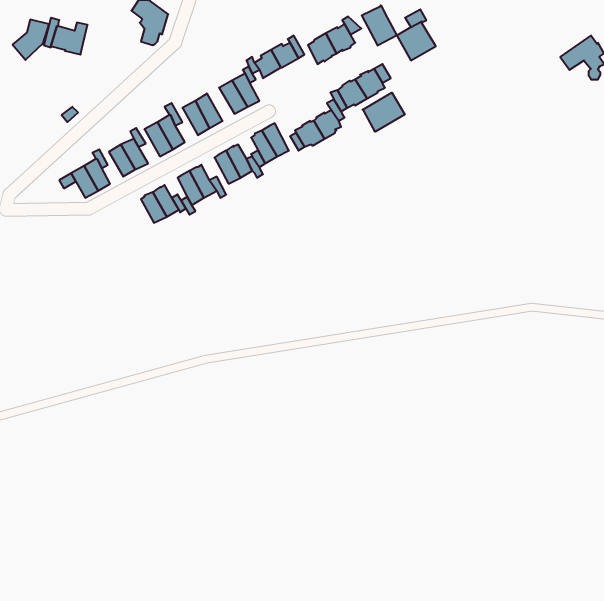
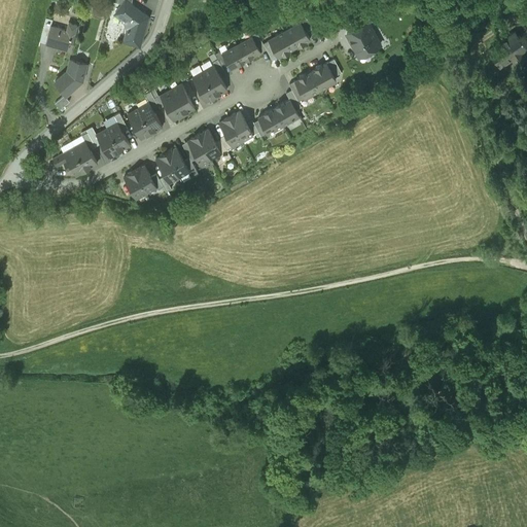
building: [362,5,397,46] -> none
building: [13,20,49,60] -> [54,61,85,96]
building: [362,93,405,132] -> none

